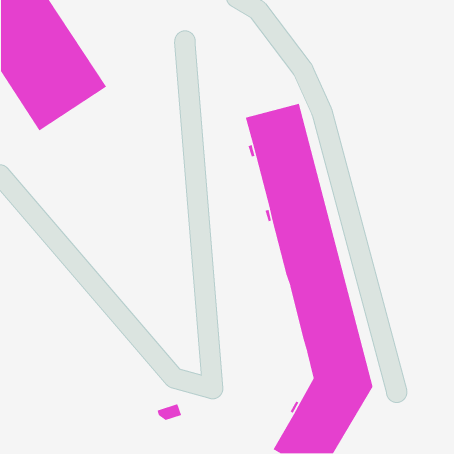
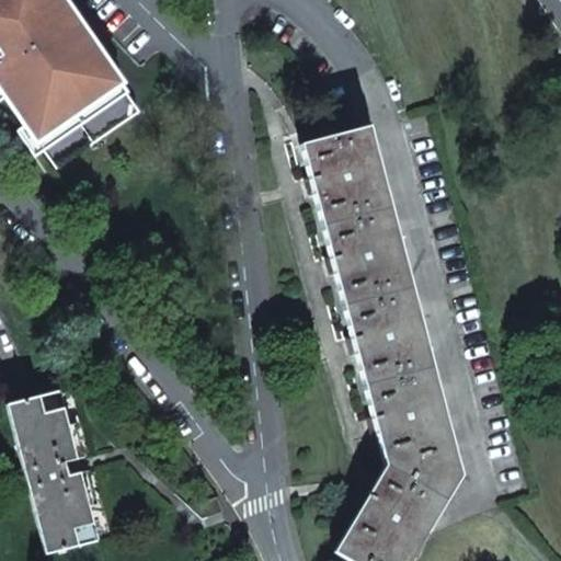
building: none -> [10,389,100,552]

